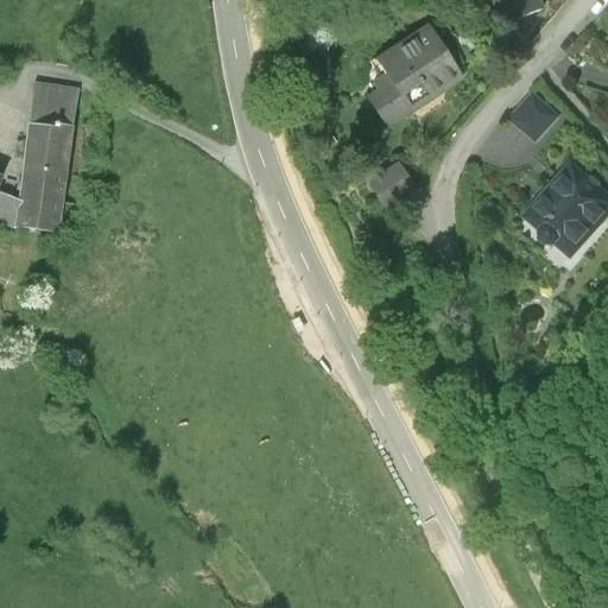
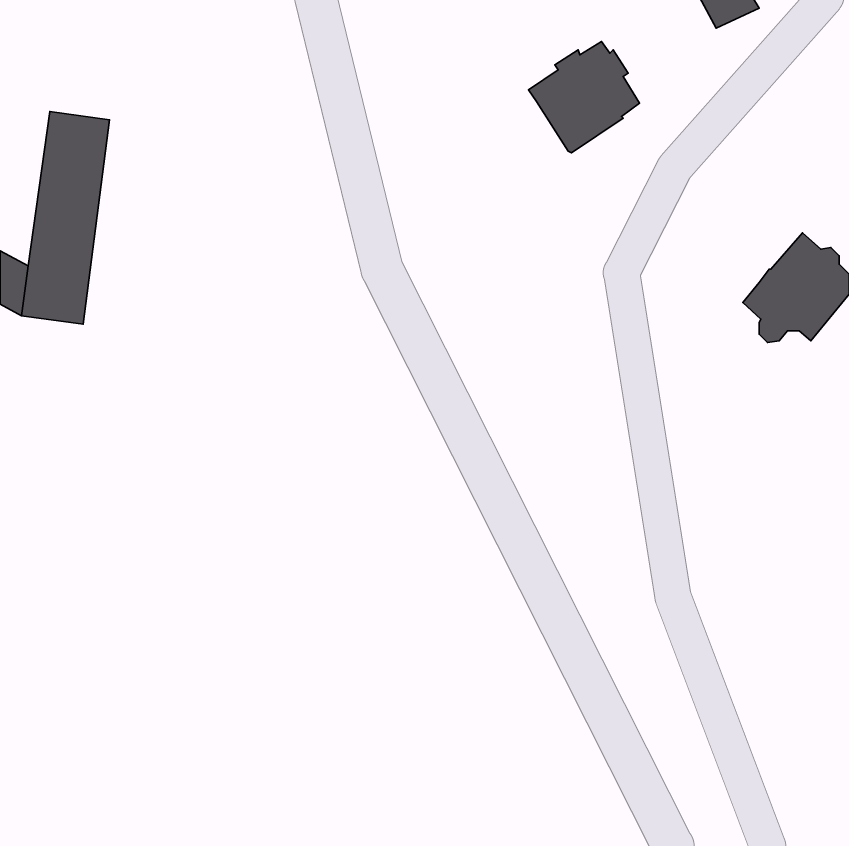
building: [366,72,406,124] -> none
building: [513,94,557,139] -> none
building: [367,164,407,204] -> none

